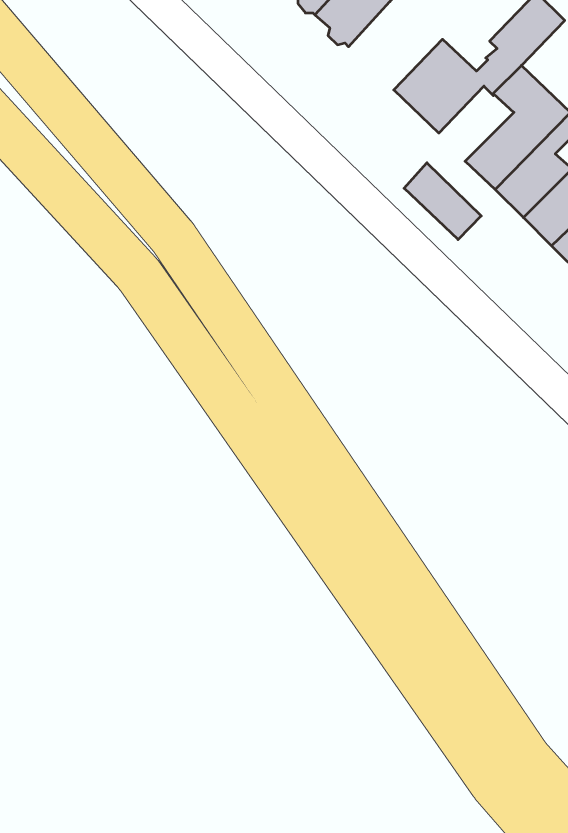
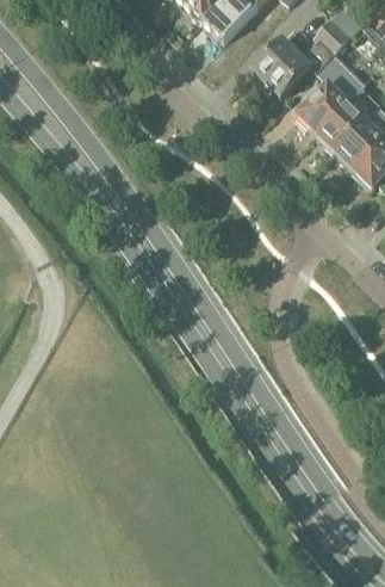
building: [404,163,481,240] -> none

